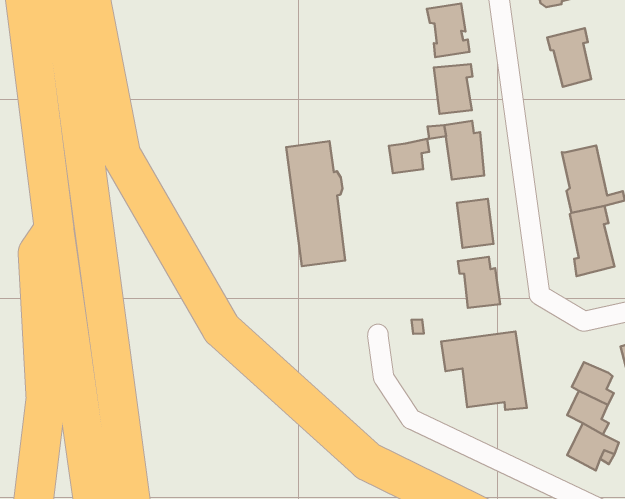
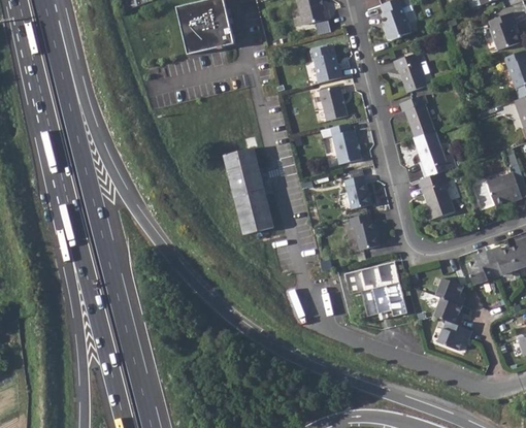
building: none -> [399,94,434,137]
building: [389,139,429,173] -> none

